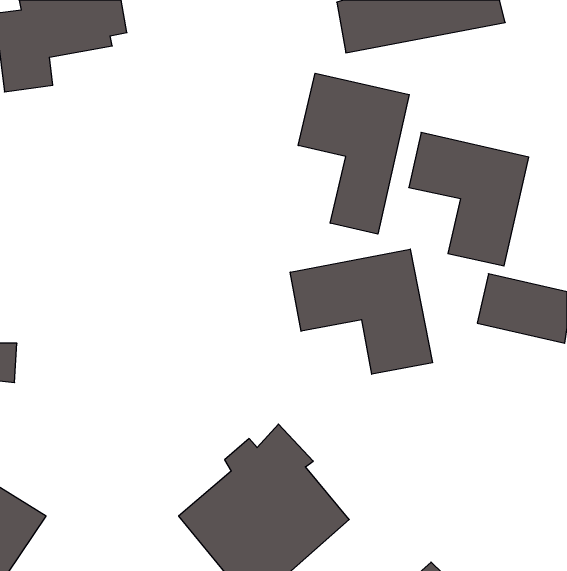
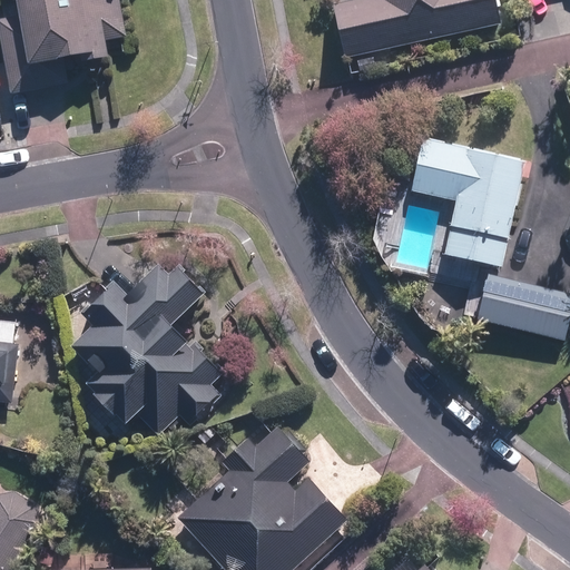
building: [298,73,409,234] -> none
building: [290,249,432,374] -> none
building: none -> [72,259,224,434]

